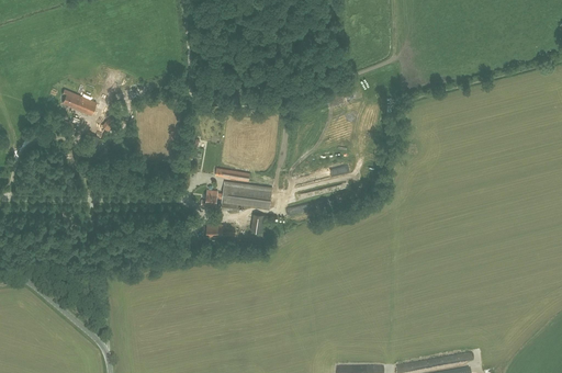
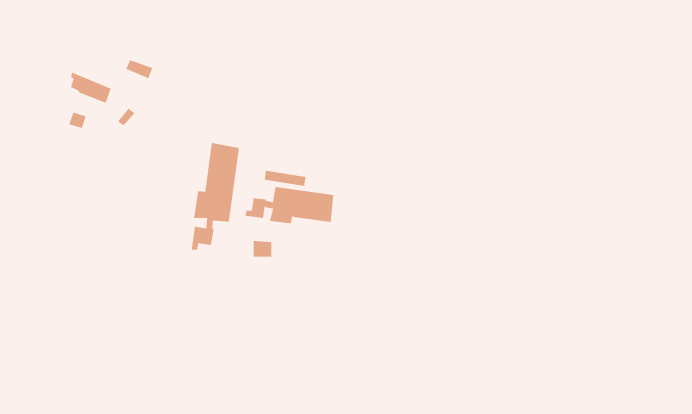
building: none -> [191,142,239,250]

